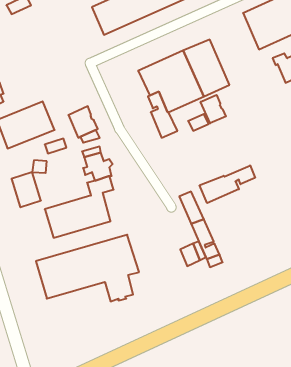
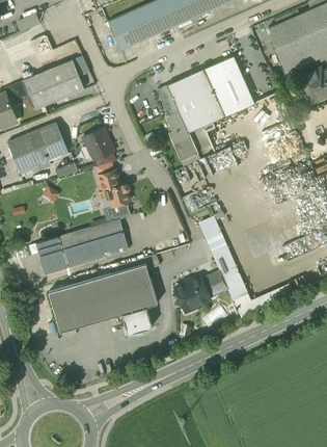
building: none -> [24,60,84,109]
building: [201,95,226,123] -> none
building: [200,165,255,203] -> none
building: [11,172,41,207] -> [36,237,67,274]
building: none -> [175,278,210,309]

